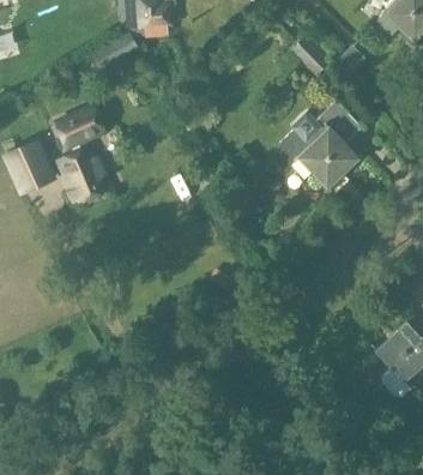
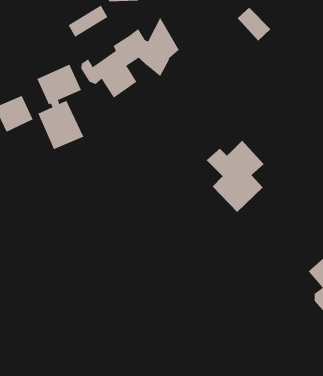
building: none -> [81,17,179,99]
building: [290,102,359,188] -> [206,140,264,213]

